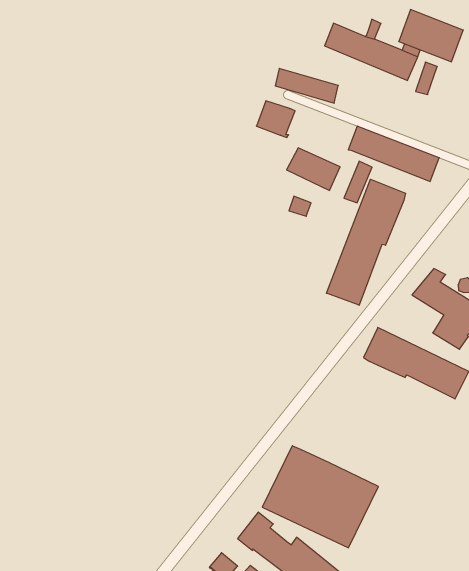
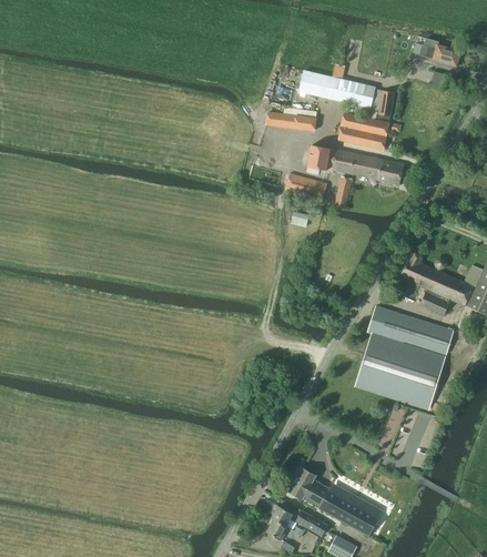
building: [399,10,463,62] -> [338,112,388,149]
building: [256,101,295,138] -> [306,144,335,171]
building: [326,179,406,305] -> none
building: [262,446,378,548] -> [355,334,445,408]

